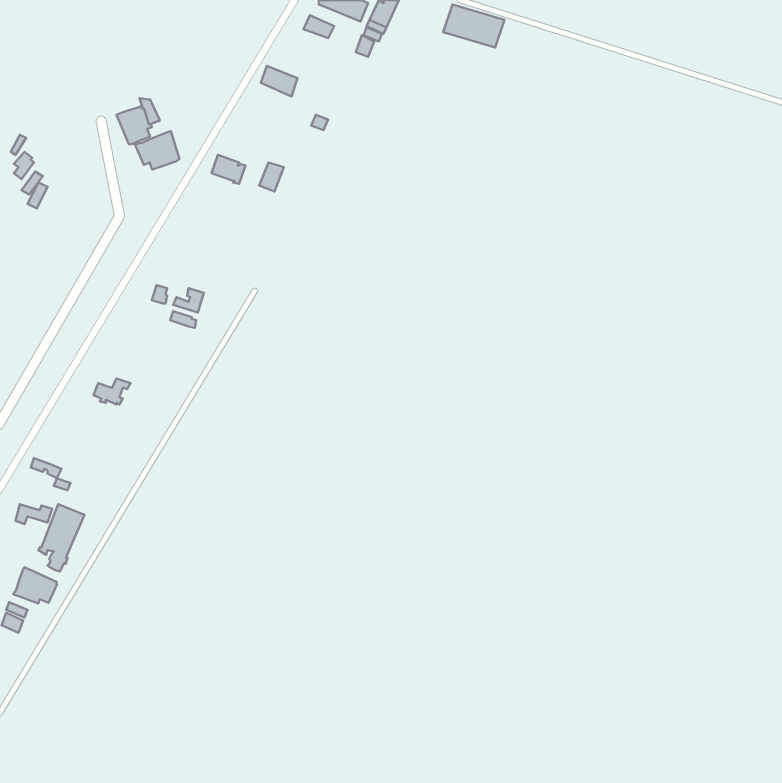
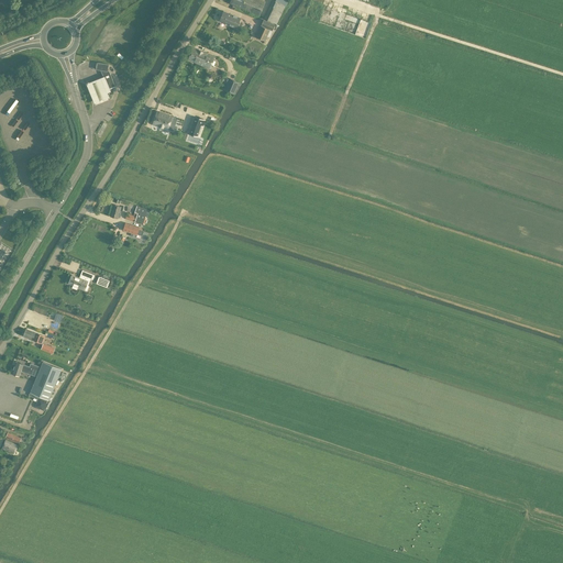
building: [135,131,179,170] -> none
building: [13,567,57,604] -> none

